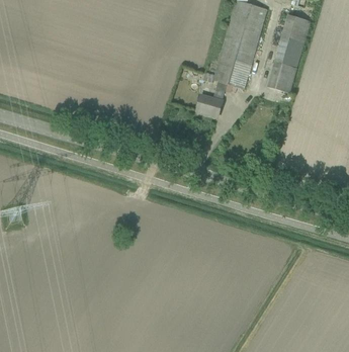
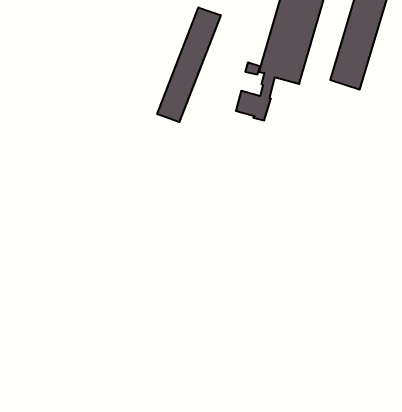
building: none -> [157,7,221,122]

